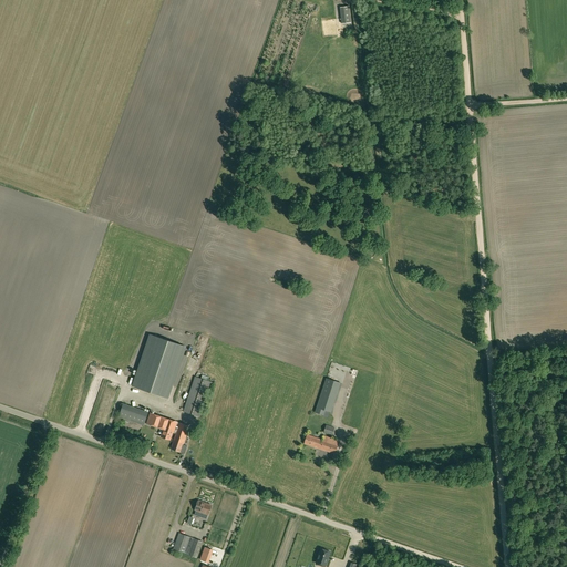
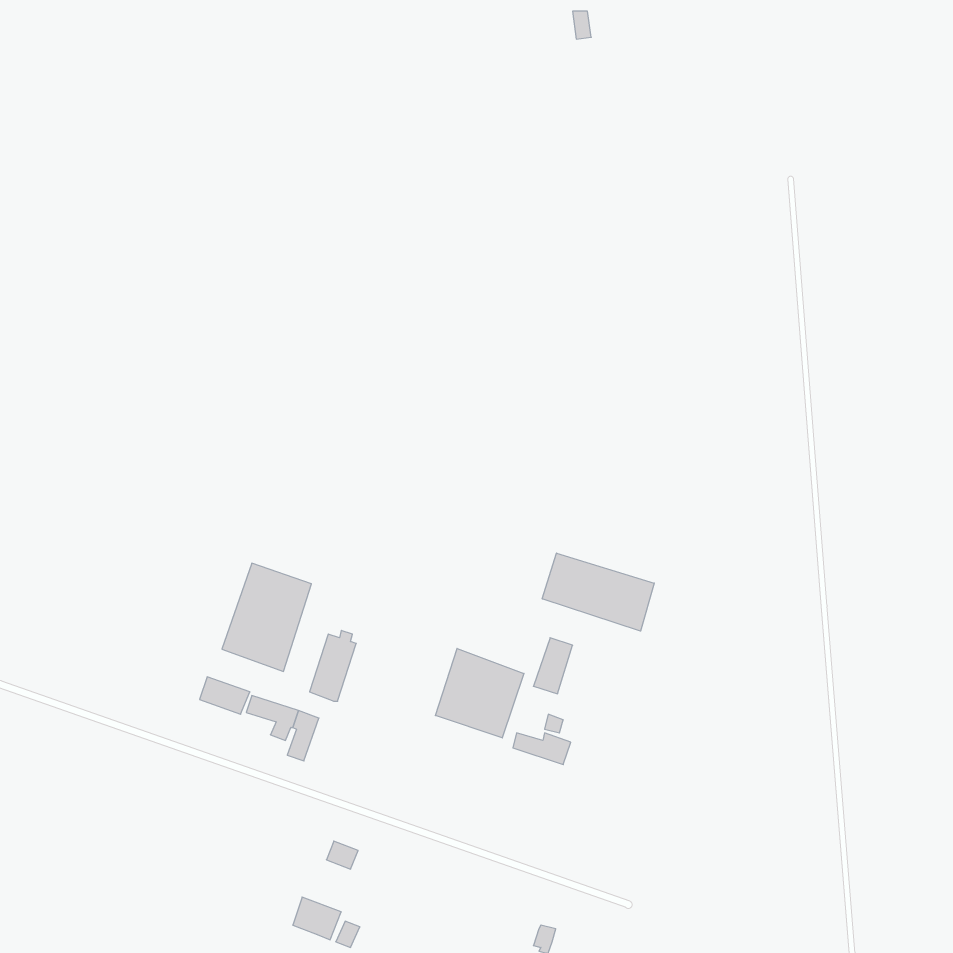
building: none -> [542,553,654,631]
building: none -> [435,648,524,738]

